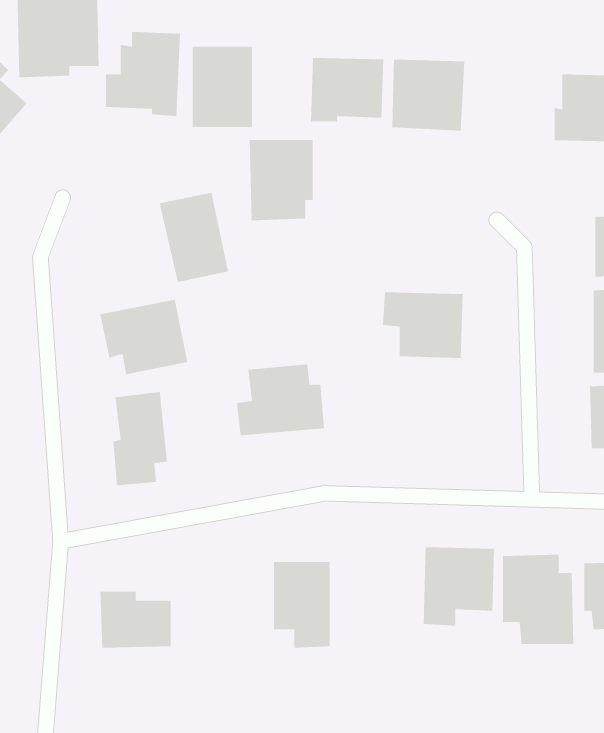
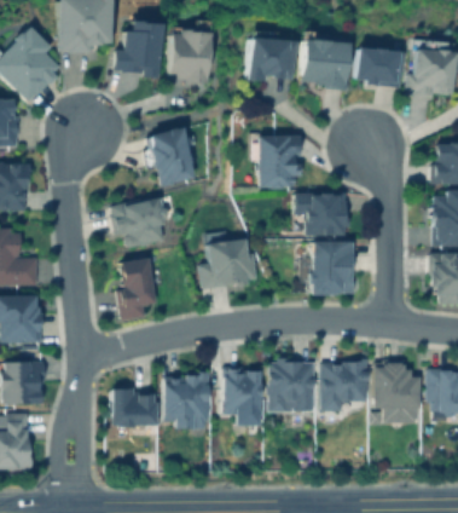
building: none -> [354,48,401,86]
building: [249,139,314,221] -> [257,136,300,189]
building: none -> [311,242,354,295]
building: none -> [268,361,315,413]
building: none -> [163,374,210,430]

